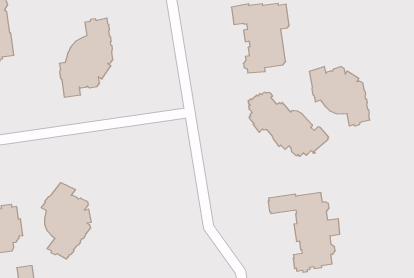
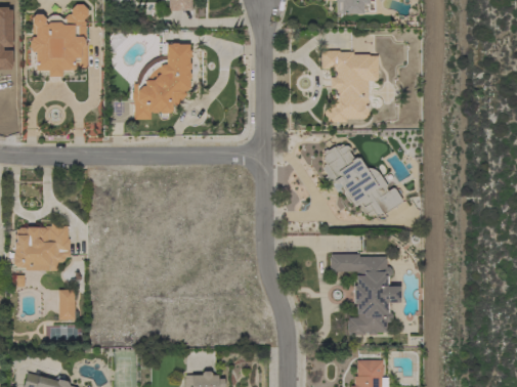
building: [310,66,370,126] -> none
building: [41,183,91,259] -> none

